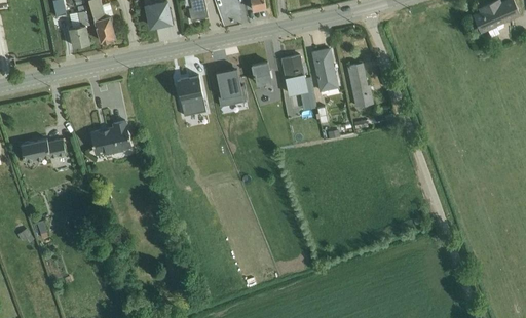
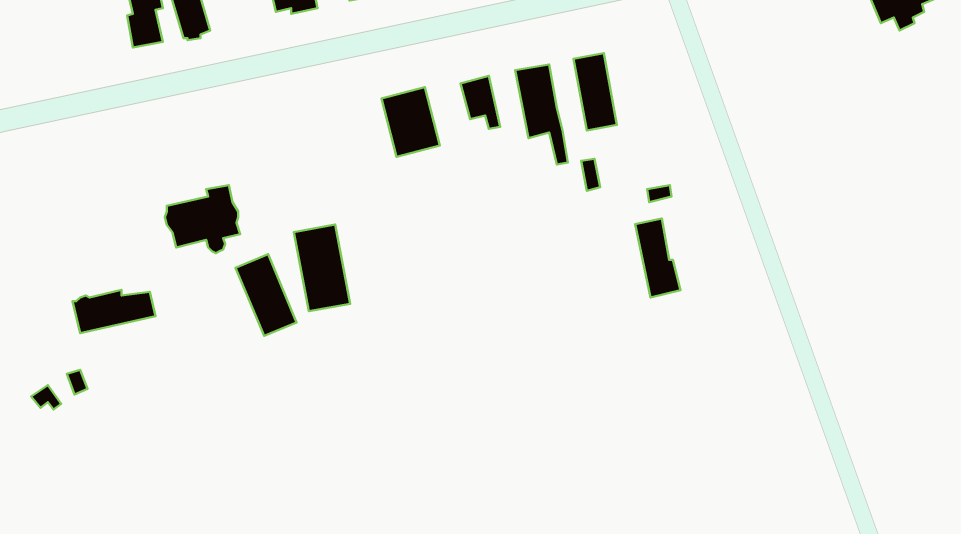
building: [348,64,373,107] -> [635,218,681,298]
building: [172,74,202,121] -> [294,225,350,311]
building: [21,138,66,162] -> [73,290,155,333]
building: none -> [236,254,296,336]

